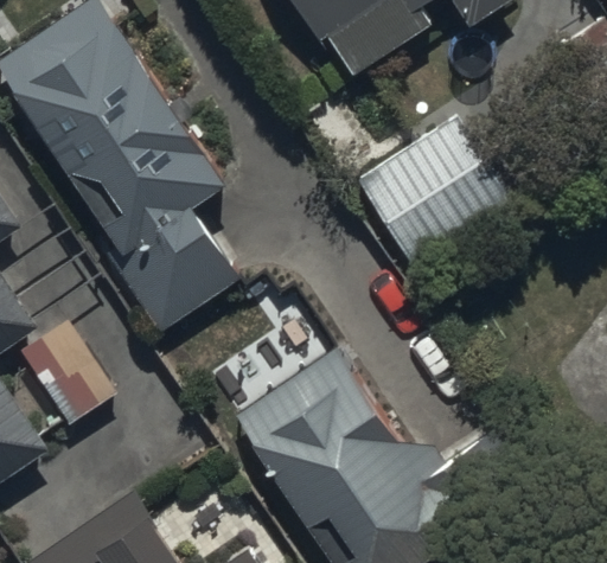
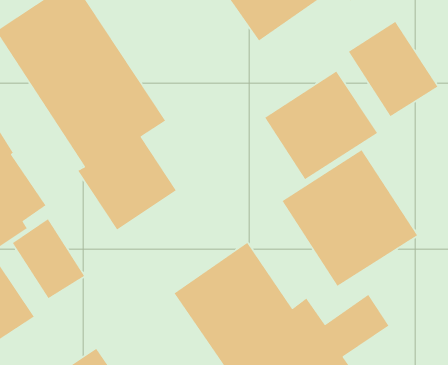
building: none -> [348,21,438,117]
building: none -> [282,149,418,287]

